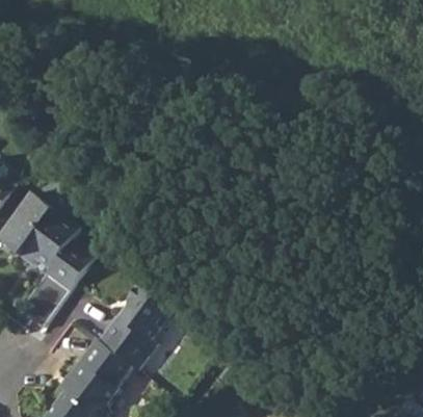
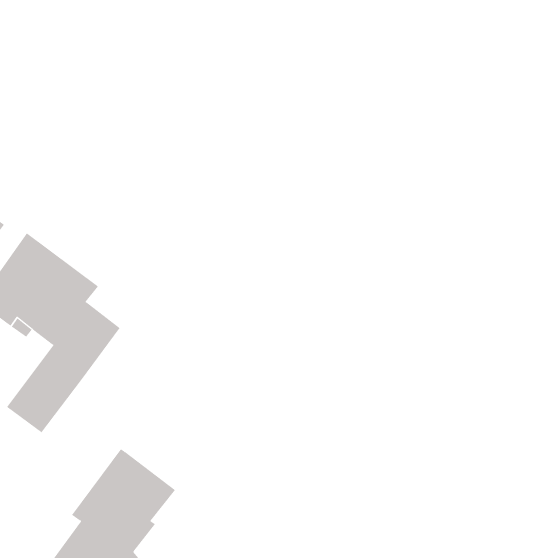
building: [97,285,174,371] -> none

